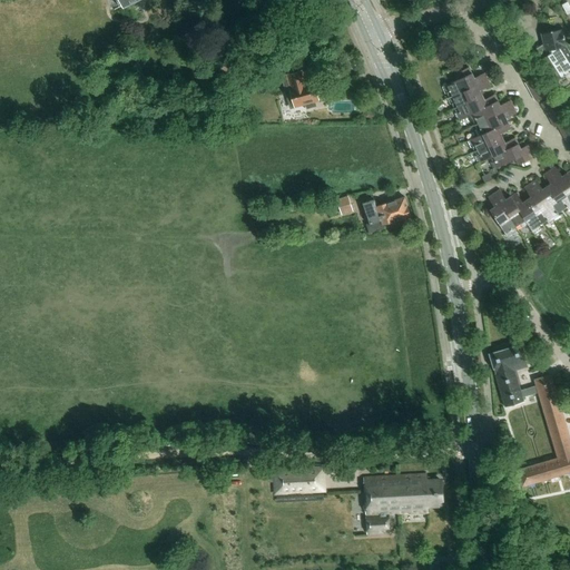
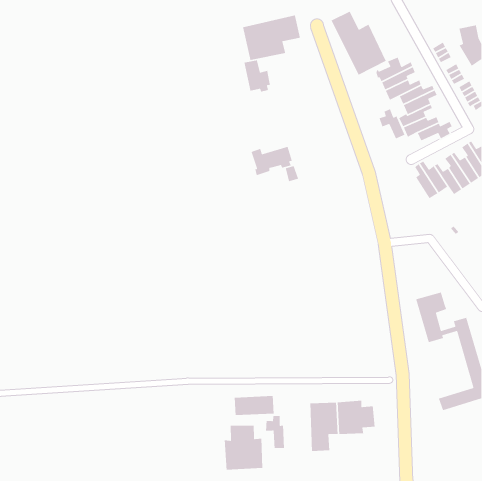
building: none -> [330,11,387,76]
building: none -> [242,15,301,61]
building: none -> [379,108,406,140]
building: [361,197,411,233] -> [250,146,293,176]
building: none -> [265,415,285,449]
building: none -> [224,425,263,470]

